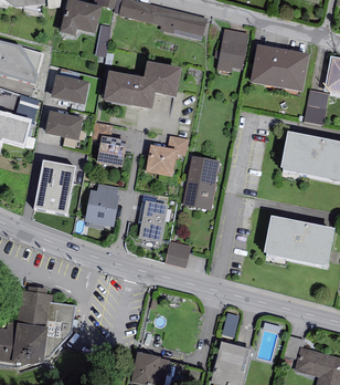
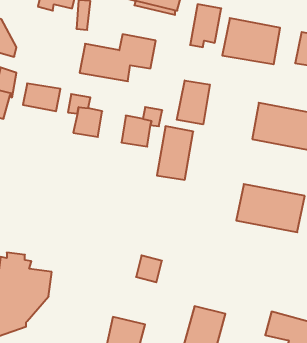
building: [51,75,89,104] -> none
building: [305,92,327,119] -> none
building: none -> [177,80,210,124]
building: [30,157,78,218] -> none
building: [84,185,119,228] -> none
building: [138,201,168,243] -> none
building: [164,242,191,270] -> [136,255,162,282]

